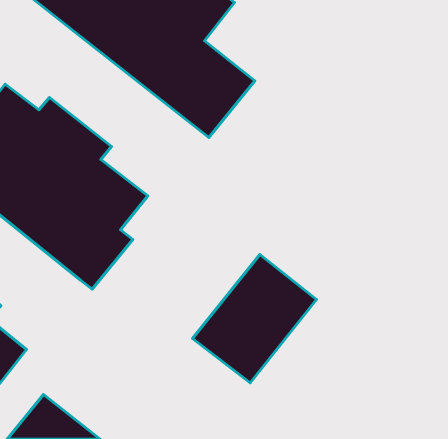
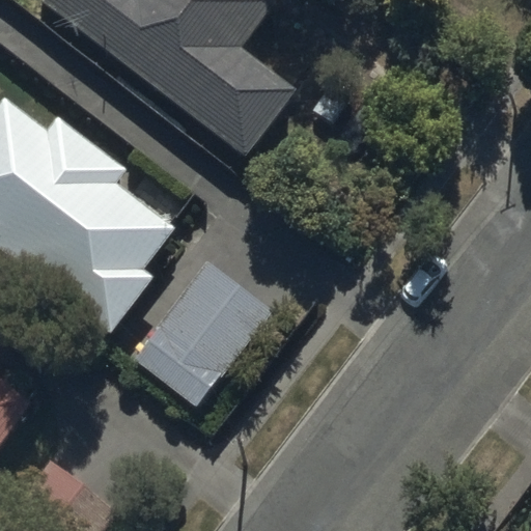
building: [193,254,316,383] -> [130,254,275,404]

